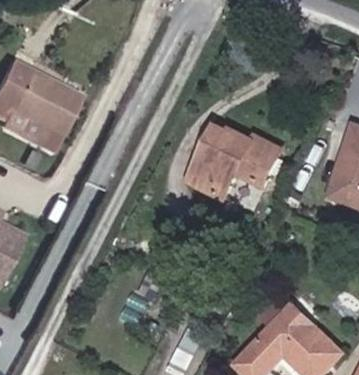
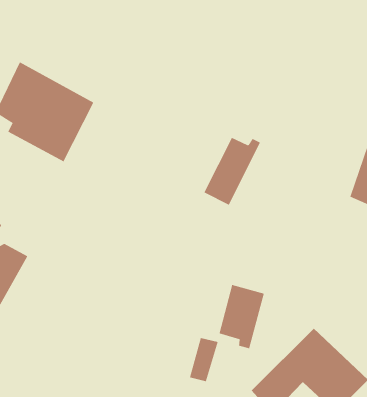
building: [212,134,278,200] -> none
building: none -> [219,284,265,349]

